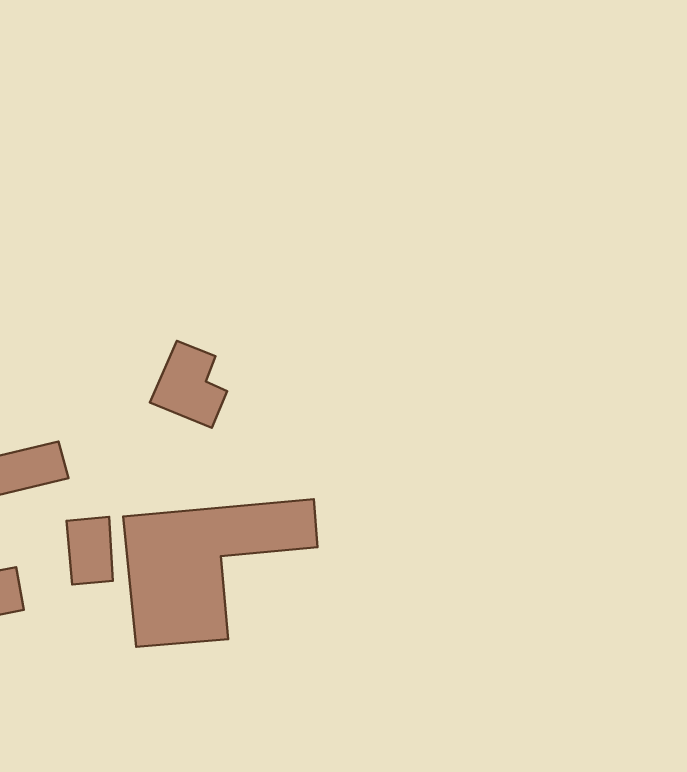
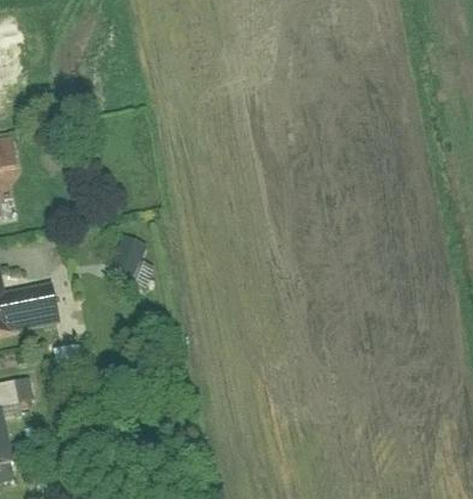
building: [123,499,317,647] -> none

